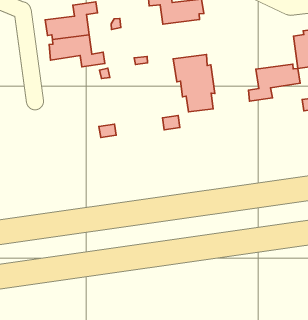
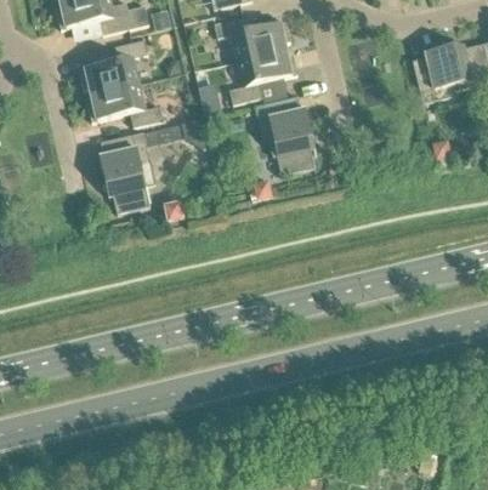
building: [249,64,300,101] -> [229,47,297,102]
building: none -> [100,130,151,211]

